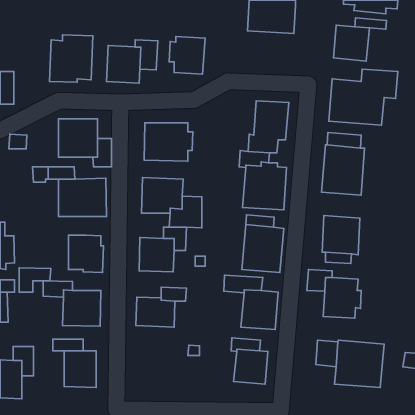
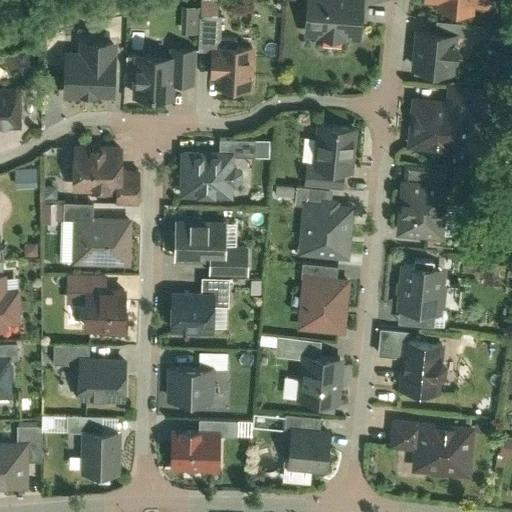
building: none -> [198,17,219,53]
building: none -> [218,140,257,157]
building: [19,268,51,292] -> [68,274,107,304]
building: none -> [171,430,221,473]

